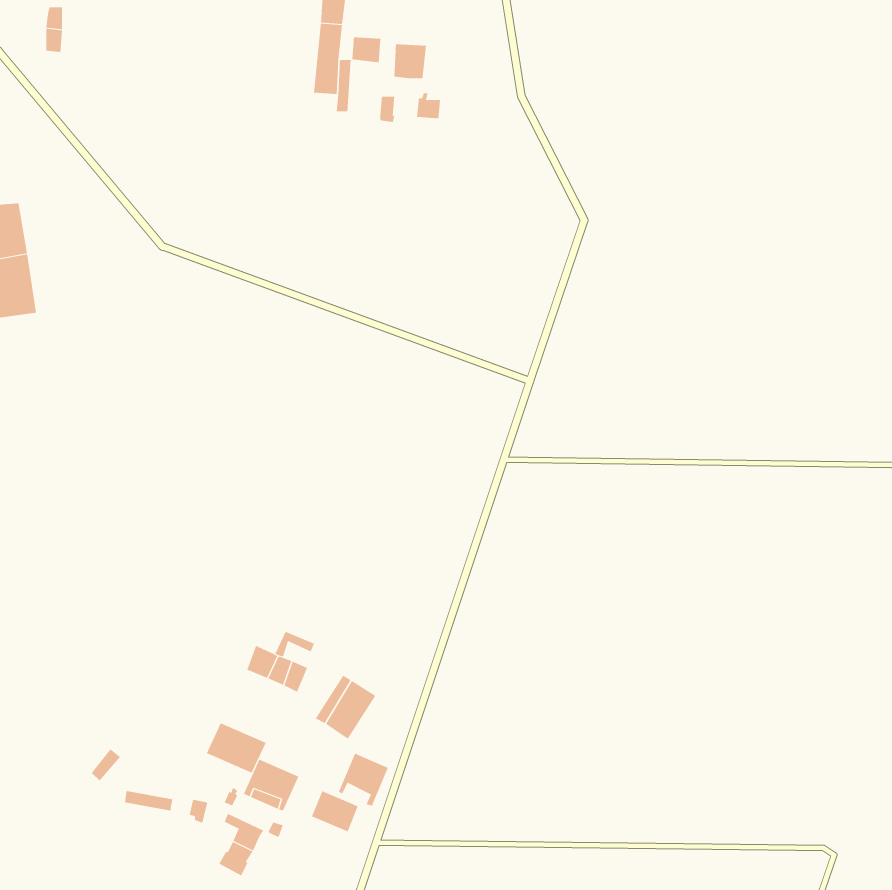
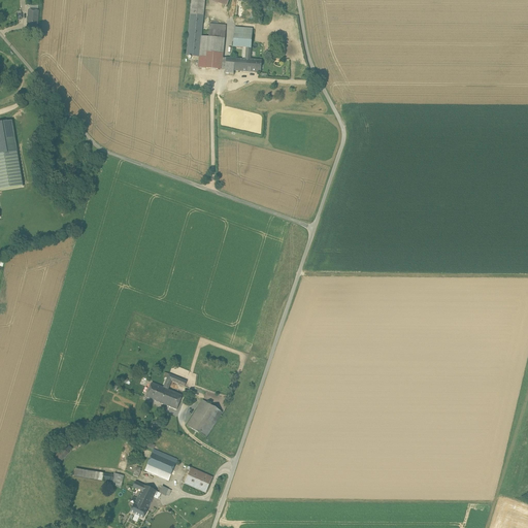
building: none -> [205,35,224,67]
building: [206,722,266,774] -> none
building: [338,753,389,807] -> none

